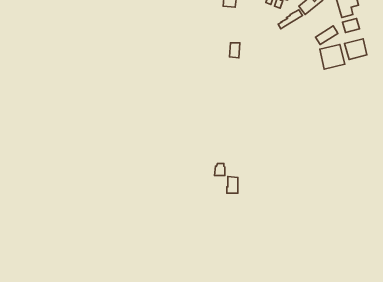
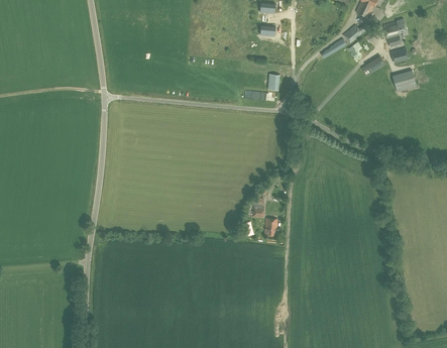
building: [320,44,345,69] -> none

